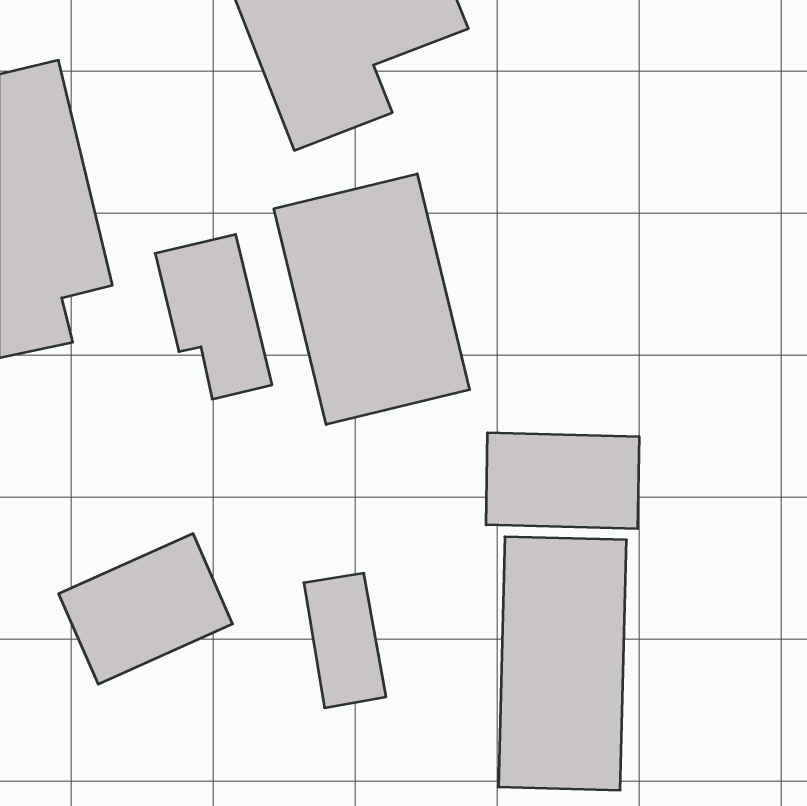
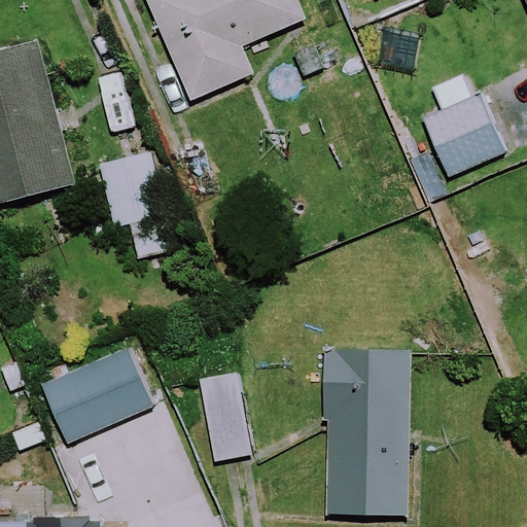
building: none -> [424,72,502,176]
building: [274,174,470,425] -> none
building: [486,433,639,529] -> none

